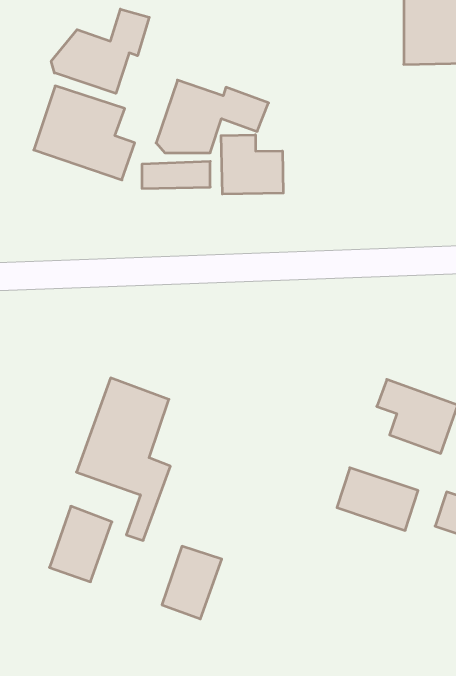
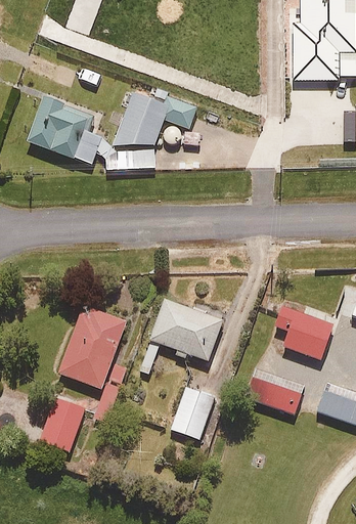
building: [51,9,149,93] -> none
building: [221,135,283,194] -> none
building: none -> [140,298,222,375]
building: [162,546,222,619] -> [171,387,214,439]

